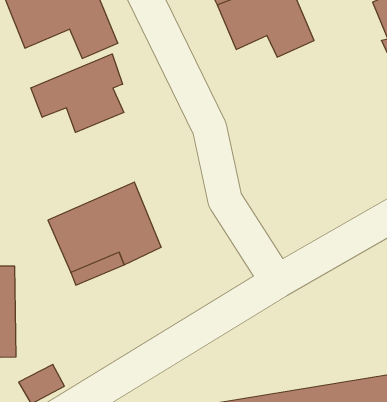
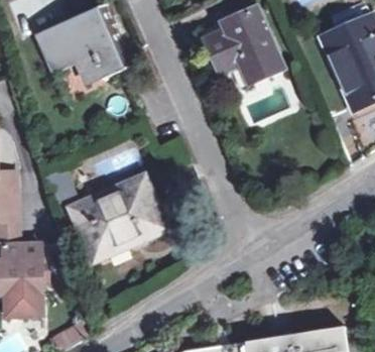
building: [31,54,124,132] -> none

